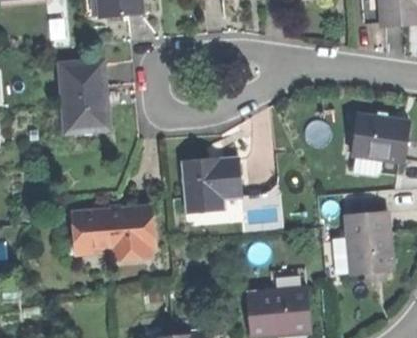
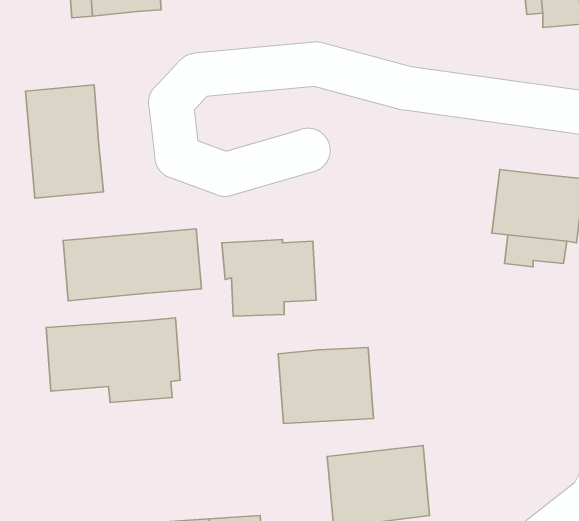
building: none -> [63,229,201,301]
building: [344,208,391,273] -> none
building: none -> [278,347,374,423]

